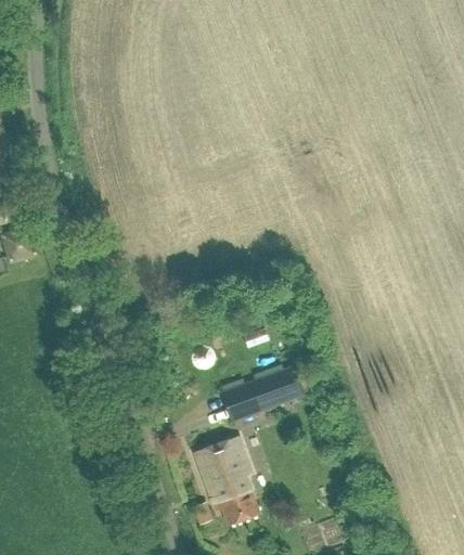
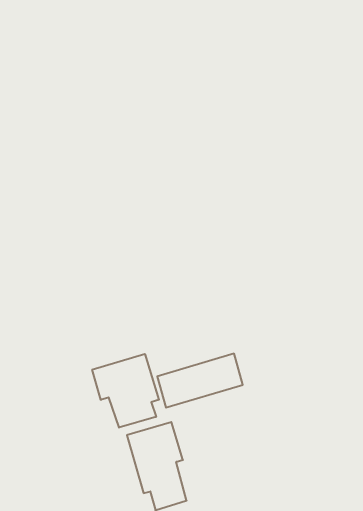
building: none -> [92,354,159,428]

